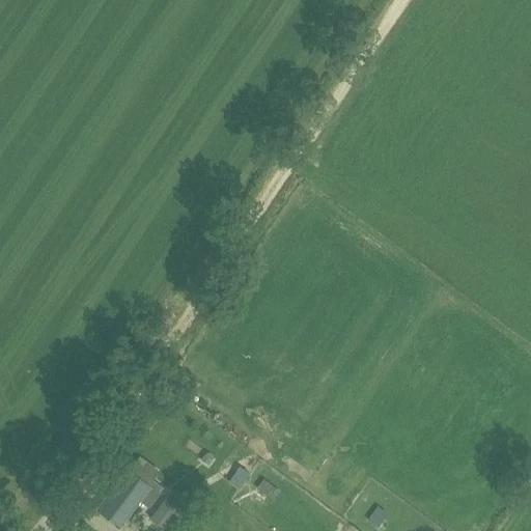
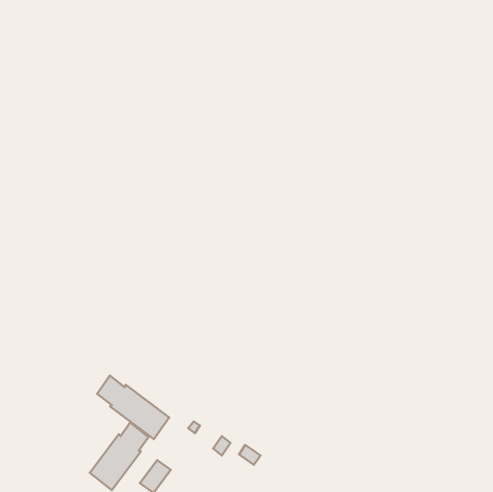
building: none -> [97,376,169,439]

